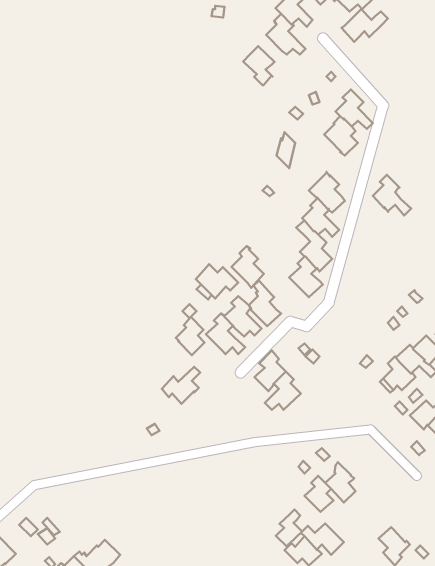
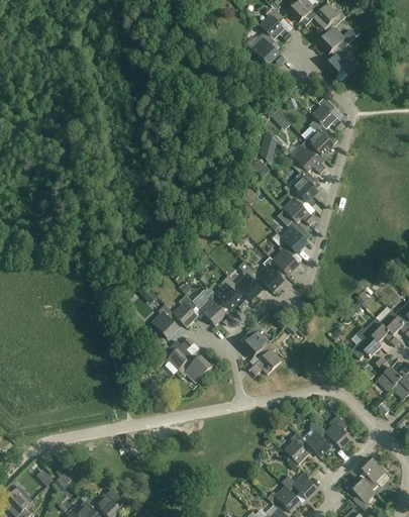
building: none -> [324,49,359,77]
building: [243,46,275,85] -> none
building: [373,175,411,215] -> [294,138,327,174]
building: [232,246,264,288] -> [257,255,285,292]
building: [196,264,238,298] -> none
building: none -> [151,303,177,335]
building: none -> [178,353,213,382]
building: none -> [325,414,349,445]
building: none -> [361,456,386,489]
building: [276,510,302,547] -> none

